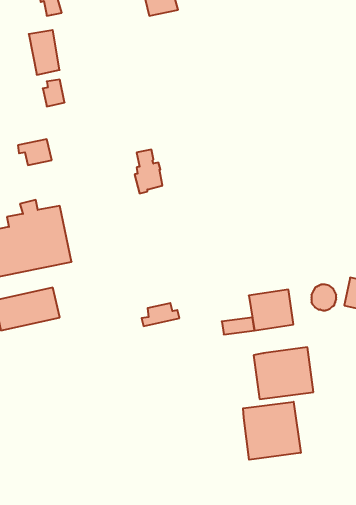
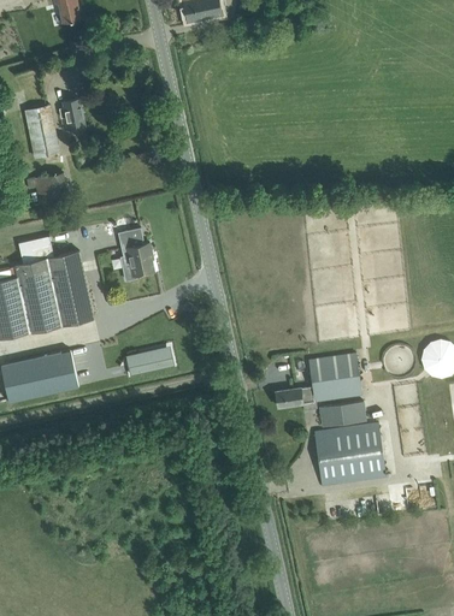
building: [29,30,60,75] -> [23,103,60,158]
building: [135,150,162,193] -> [119,227,153,280]
building: [142,303,179,326] -> [128,348,173,375]
building: none -> [319,401,365,427]
building: [243,402,301,460] -> none

